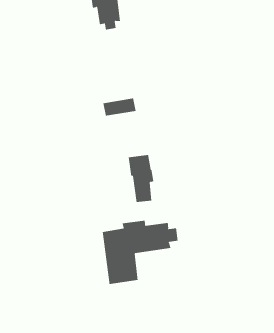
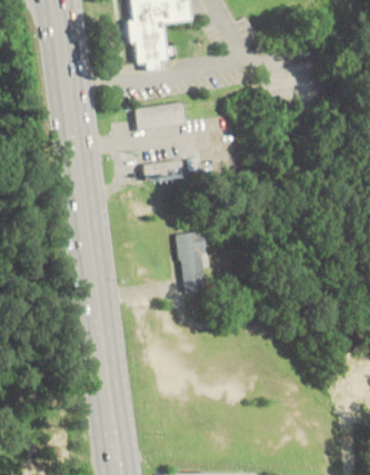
building: none -> [134,101,187,130]
building: [102,220,178,285] -> none

